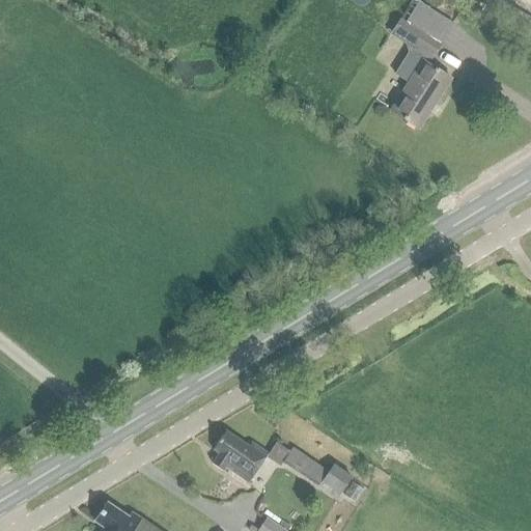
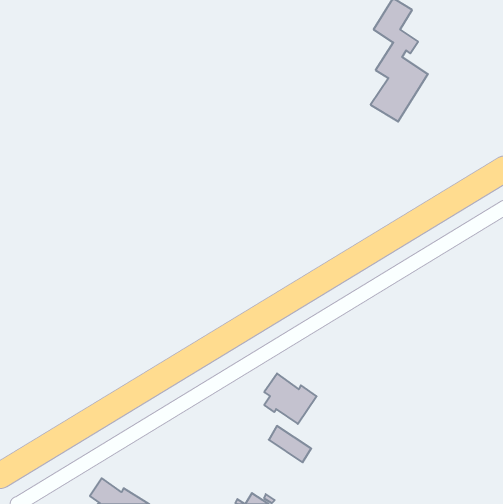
building: [214,429,269,482] -> [264,373,317,424]
building: [319,464,353,498] -> none

